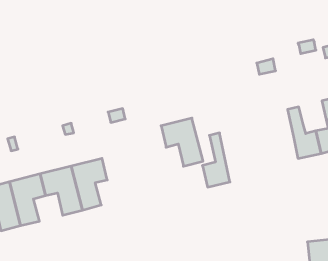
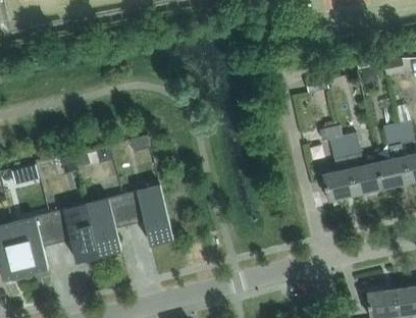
building: [161,118,203,166] -> [123,186,173,243]
building: [202,133,230,187] -> [323,137,356,201]

